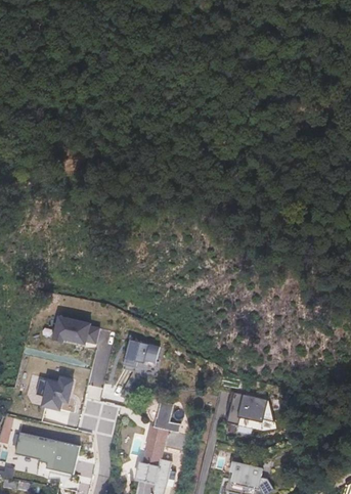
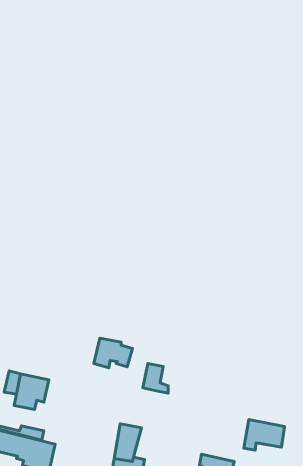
building: [48,317,97,346] -> none
building: [231,393,272,423] -> [244,420,285,450]
building: [152,403,178,433] -> [143,364,168,393]

